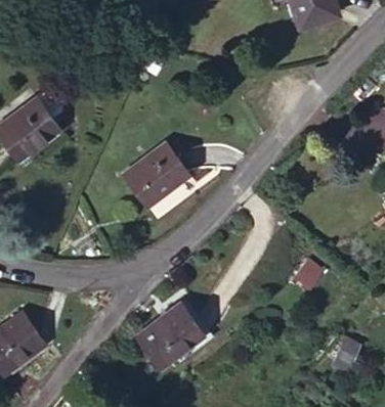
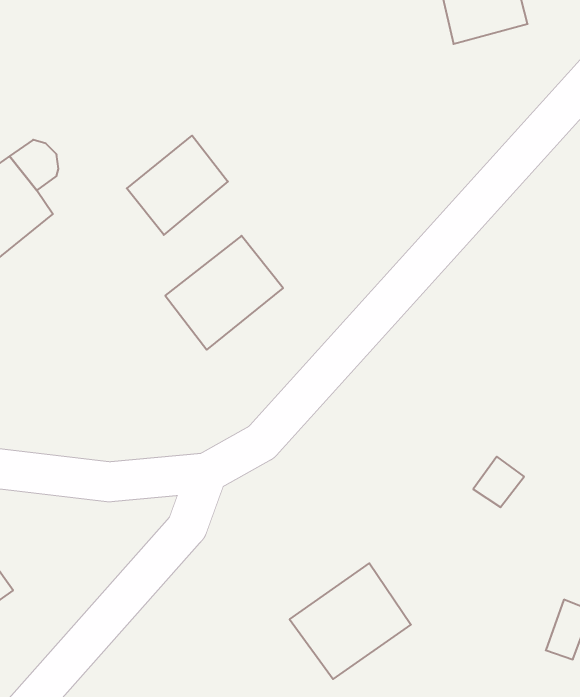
building: none -> [127,136,228,235]
building: [135,302,204,367] -> [290,563,411,679]

